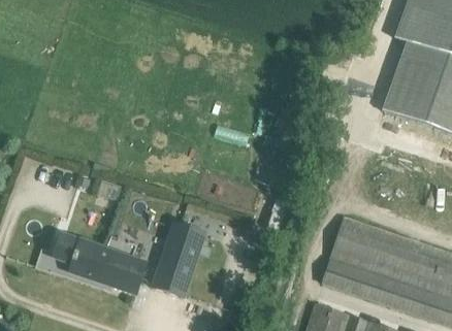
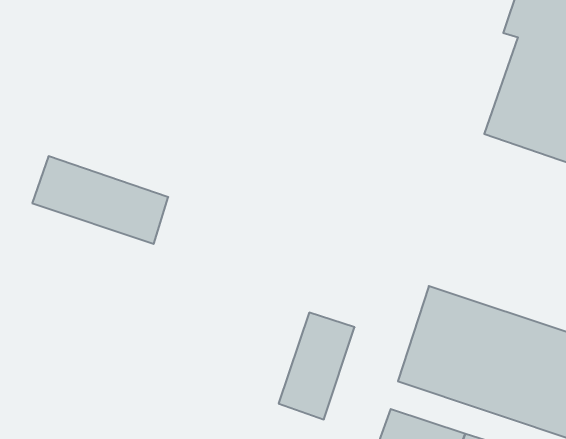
building: [152,224,205,299] -> [279,313,355,419]
building: [50,233,146,295] -> [32,156,168,244]

